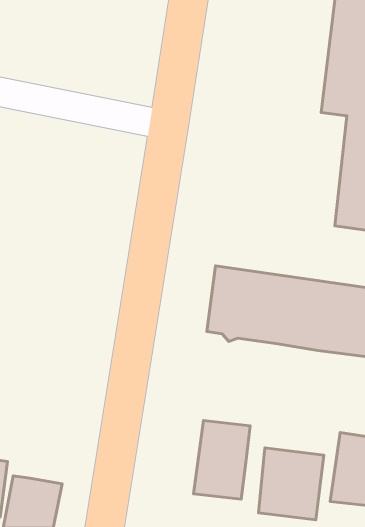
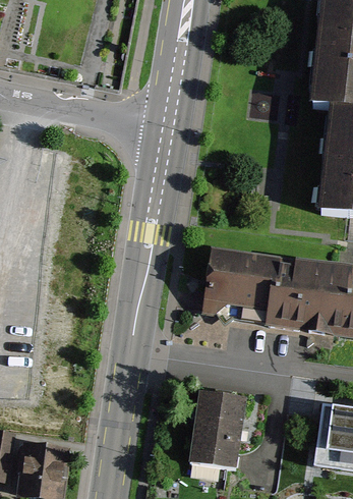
building: [258,448,324,520] -> none

